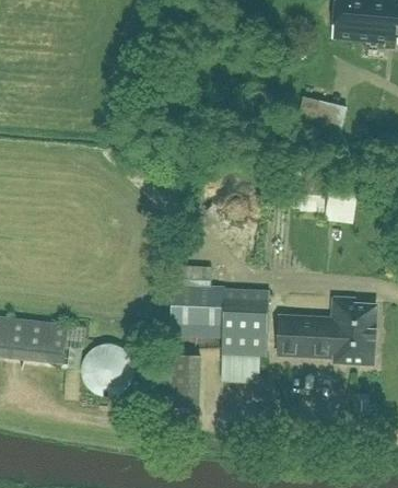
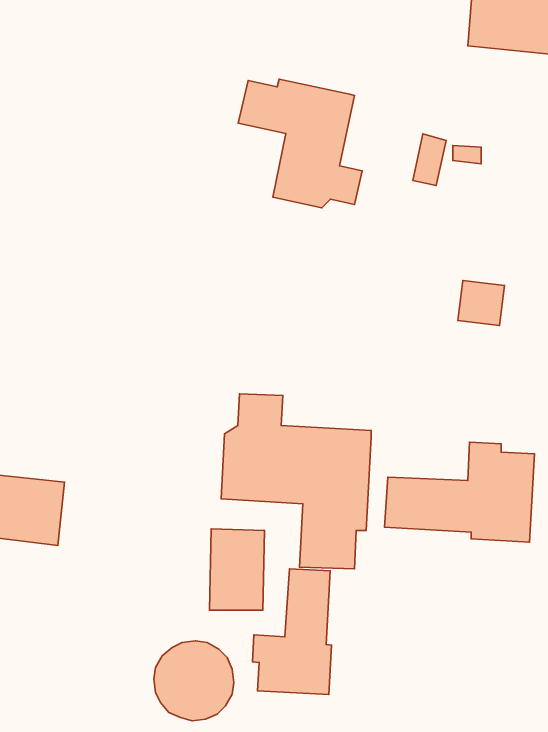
building: none -> [238,79,362,208]
building: [82,344,134,396] -> [154,641,234,721]
building: none -> [252,569,331,695]

